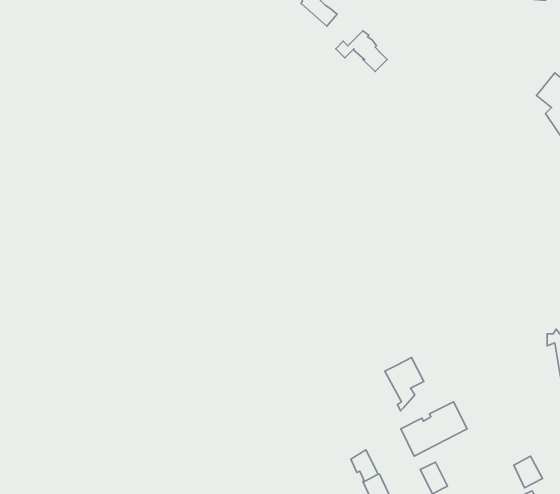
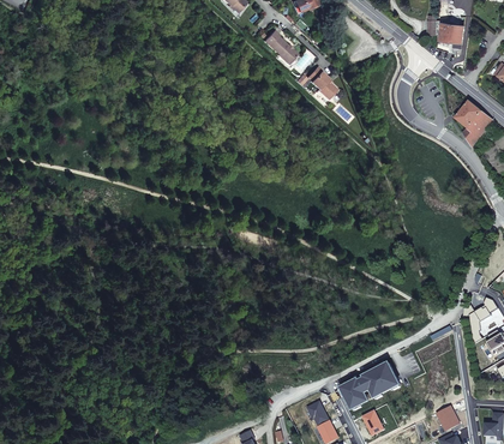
building: [385,358,424,411] -> none

